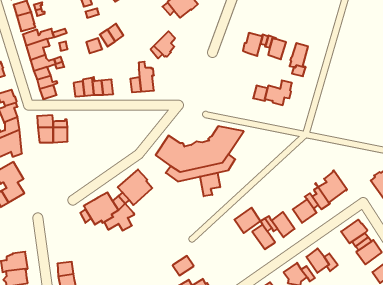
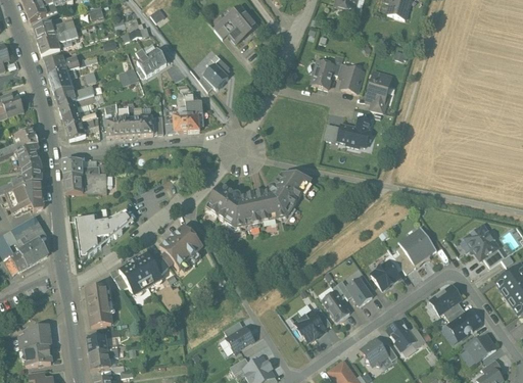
building: none -> [75,209,133,259]
building: [200,173,220,196] -> none
building: [234,208,261,233] -> [293,310,325,341]
building: none -> [86,285,110,324]

